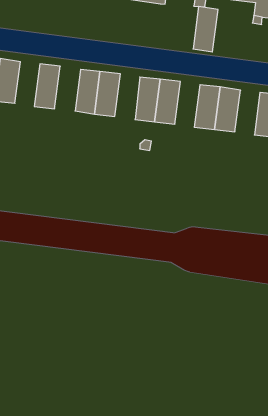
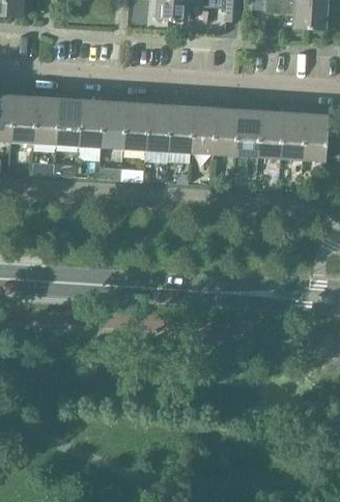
building: [193,6,218,52] -> [212,107,237,156]
building: none -> [33,96,58,145]
building: none -> [78,98,104,147]
building: none -> [145,102,170,152]
building: none -> [280,112,305,160]

